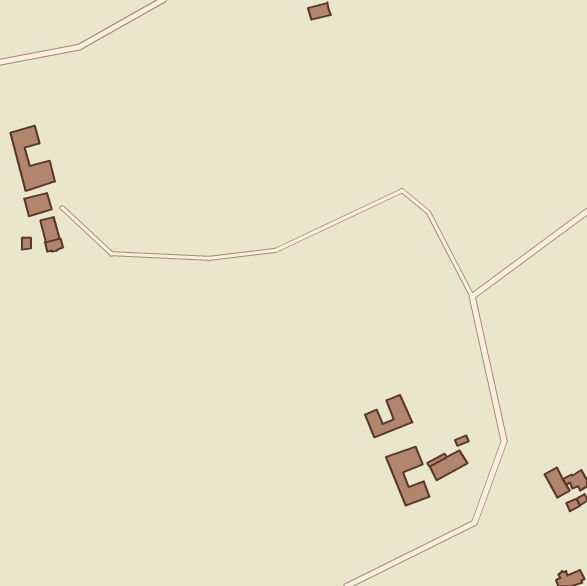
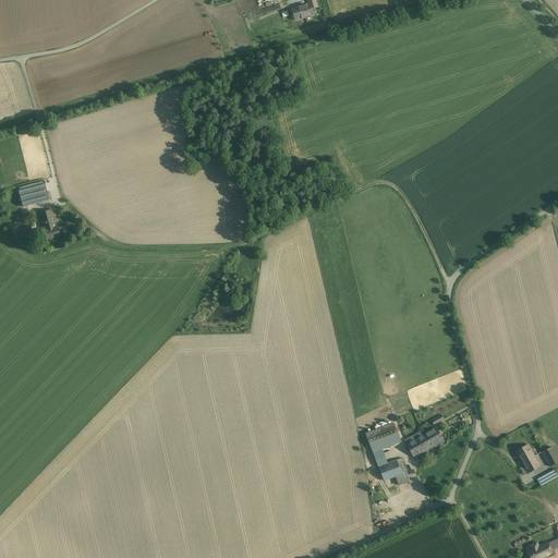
building: [10,126,55,191] -> none
building: [365,395,412,437] -> none

